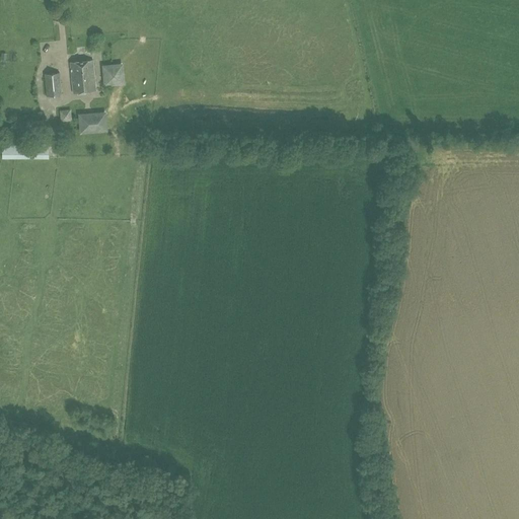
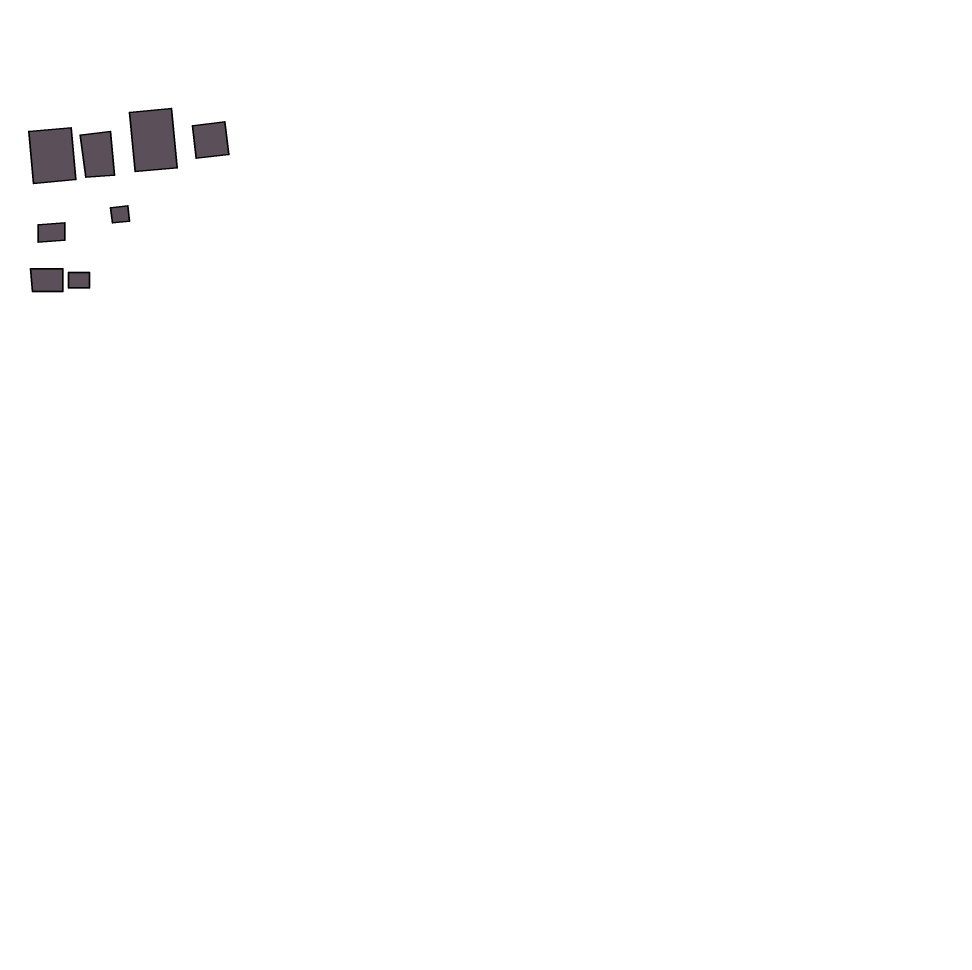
building: none -> [29,128,76,183]
building: [79,113,104,132] -> none

